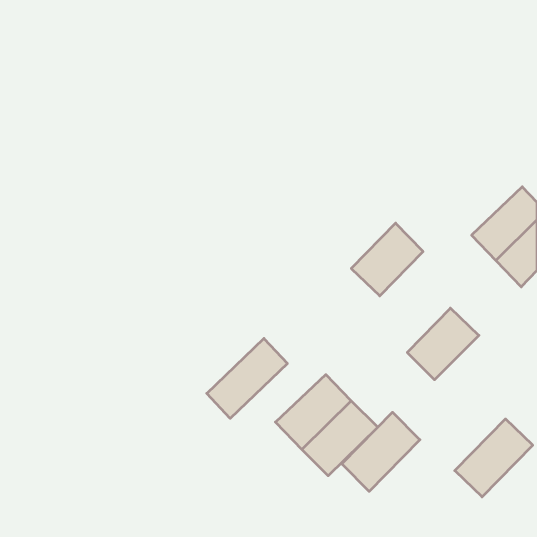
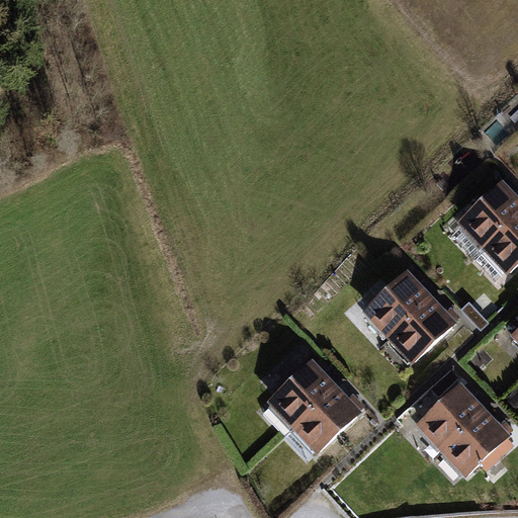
building: [351,223,423,296] -> [363,268,432,338]
building: [207,338,287,418] -> none
building: [342,412,420,491] -> [410,375,485,451]

